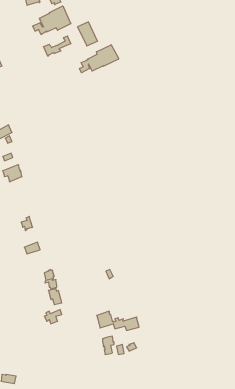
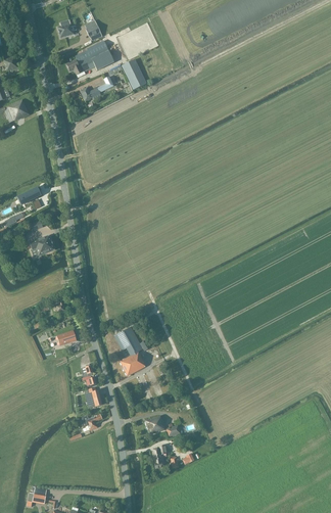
building: [80,45,118,73] -> none
building: none -> [113,326,150,376]

